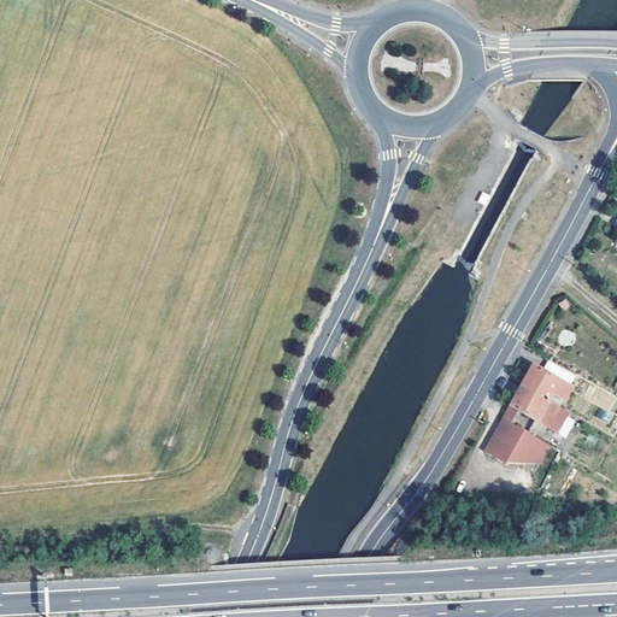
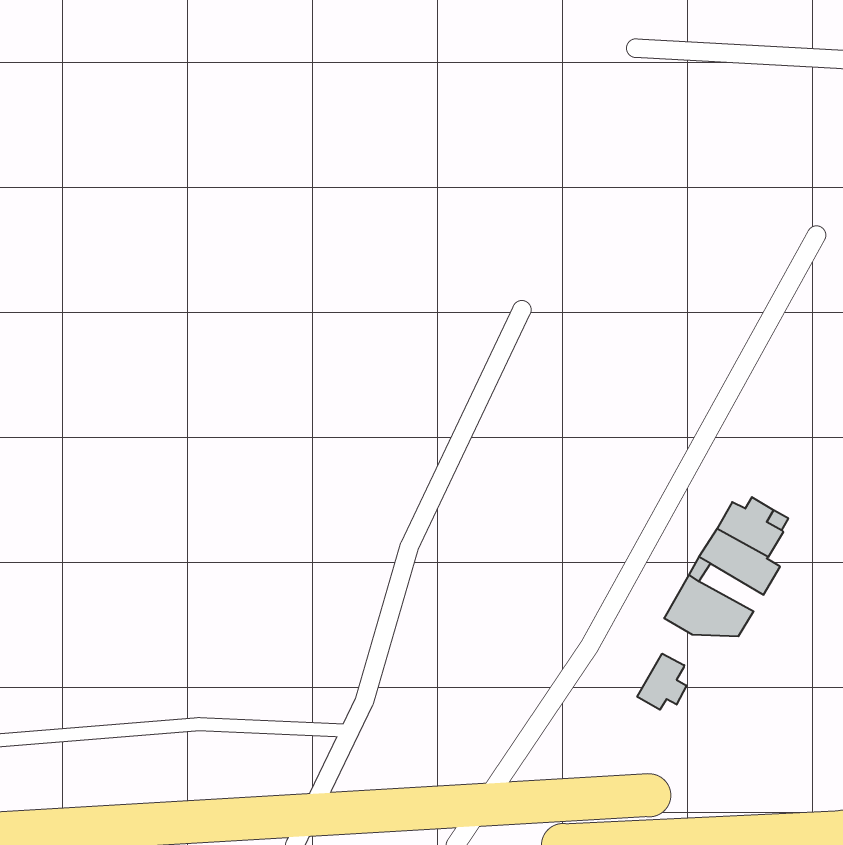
building: none -> [637,654,687,710]

